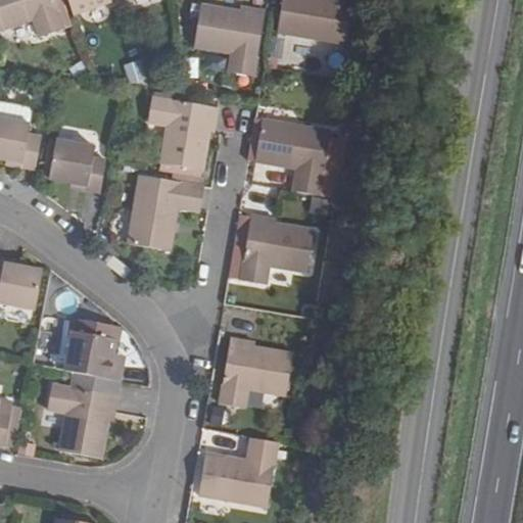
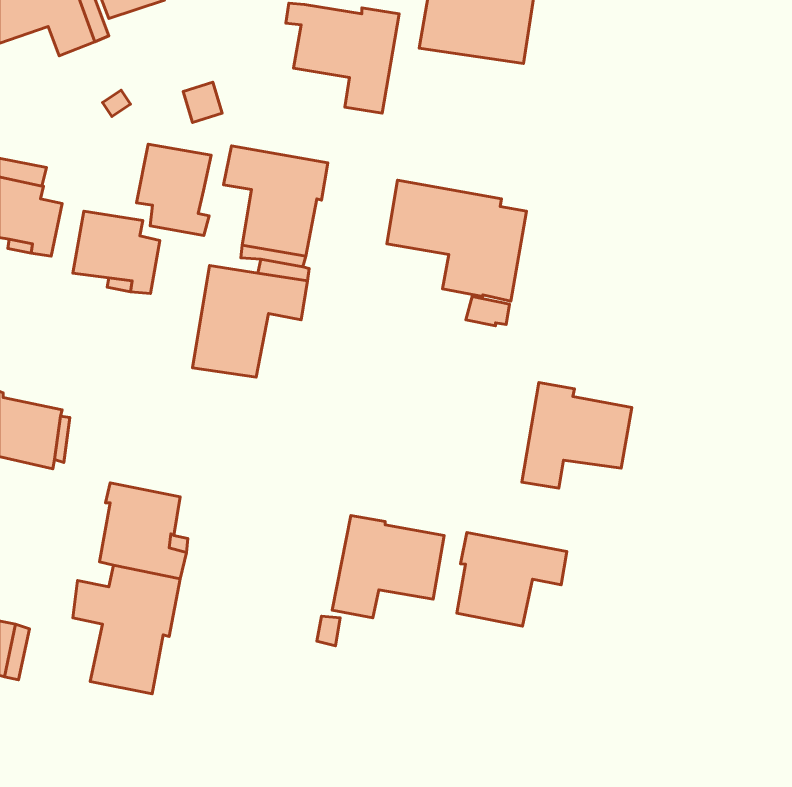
building: none -> [137,144,211,235]
building: [240,213,313,283] -> [522,383,632,488]
building: none -> [457,532,567,626]
building: [199,436,278,507] -> none

